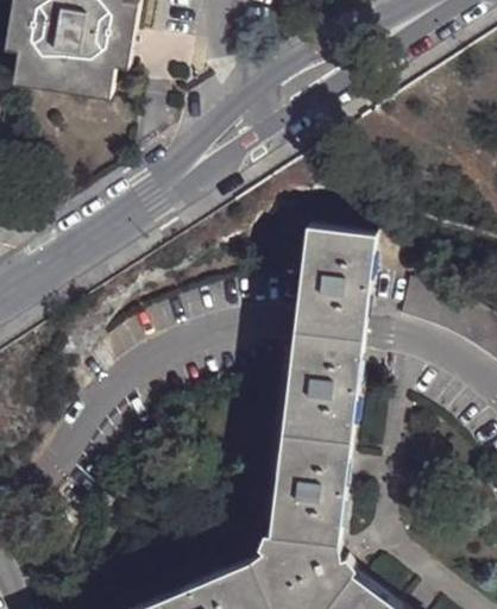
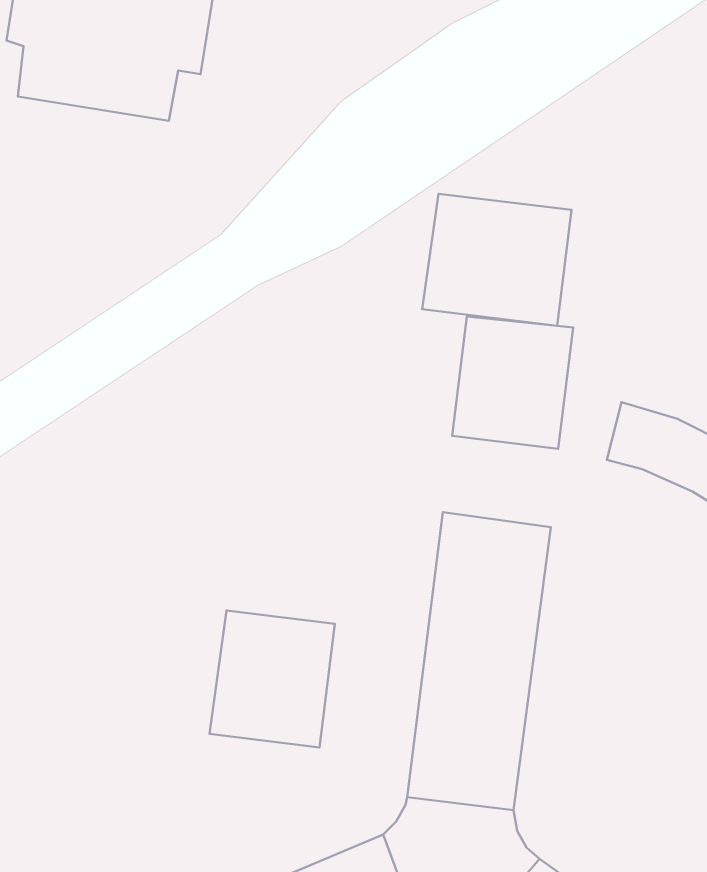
building: none -> [422,194,571,326]
building: [290,302,364,360] -> none
building: none -> [209,611,335,748]

